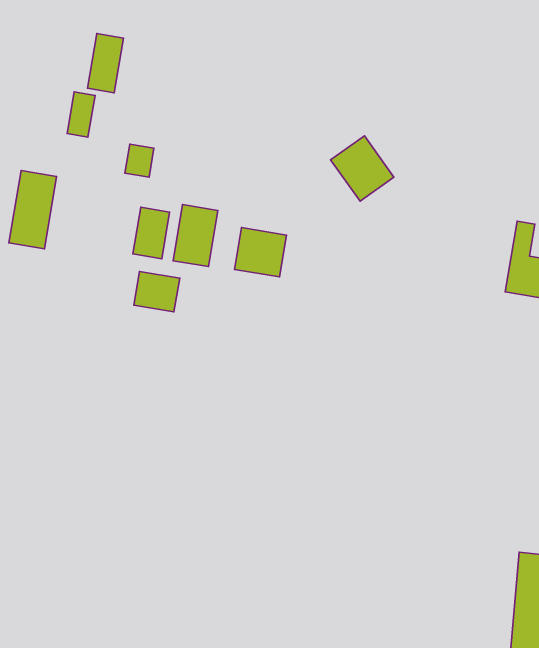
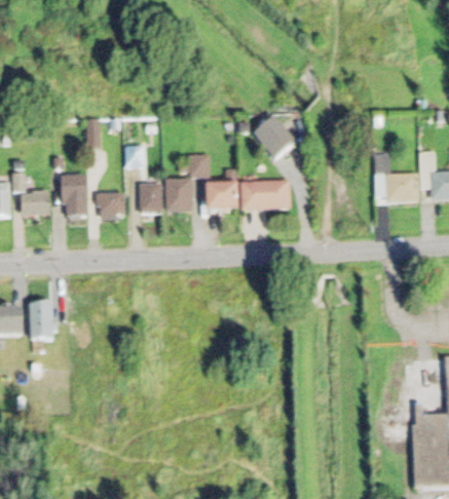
building: [88,34,124,93] -> none
building: none -> [192,153,211,175]
building: none -> [241,181,289,209]
building: [134,271,180,312] -> [98,195,123,217]

